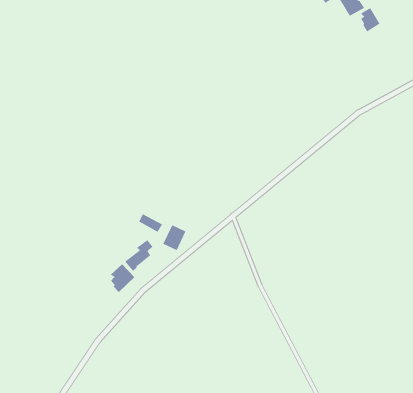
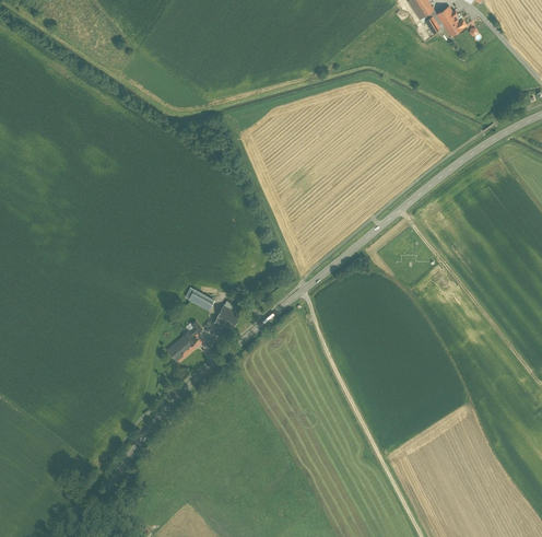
building: [360,7,380,33] -> none
building: [110,263,135,293] -> none

